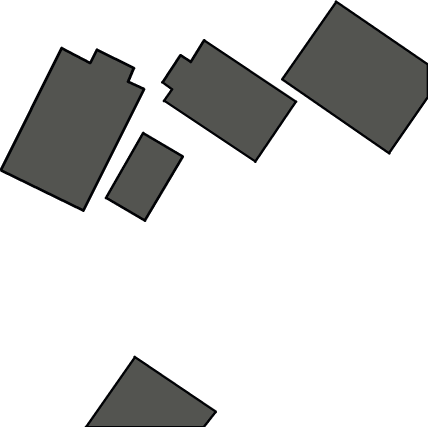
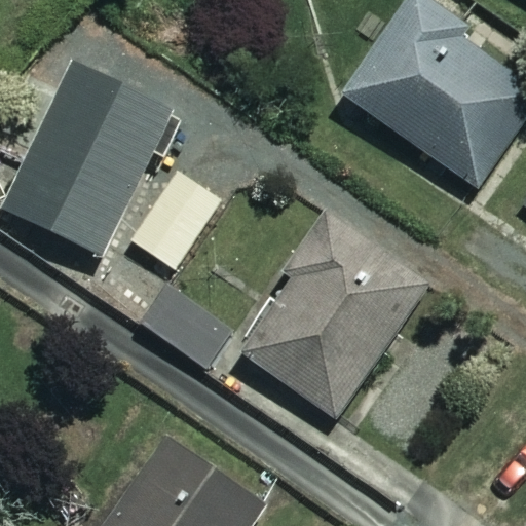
building: [162,40,296,162] -> none
building: none -> [239,217,426,417]

